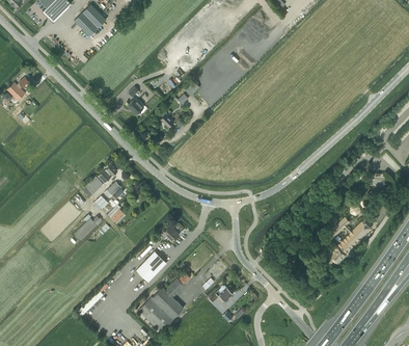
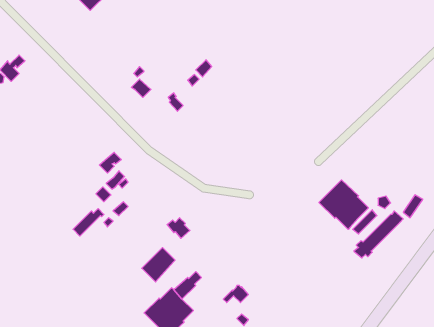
building: none -> [319,180,368,229]

